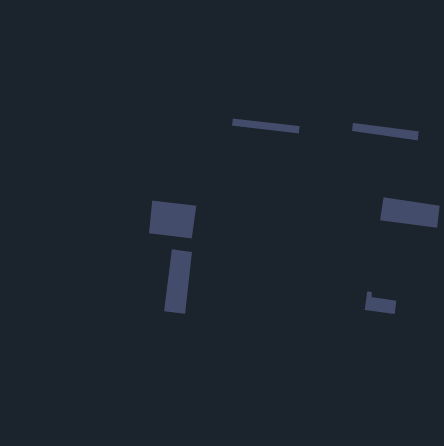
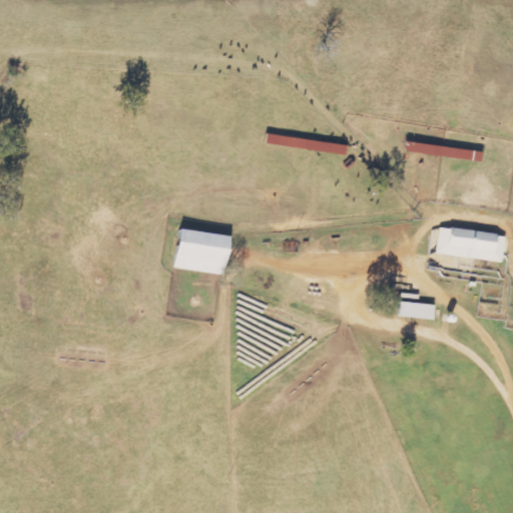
building: [163,248,193,314] -> none
building: [364,291,397,314] -> [398,294,436,321]

